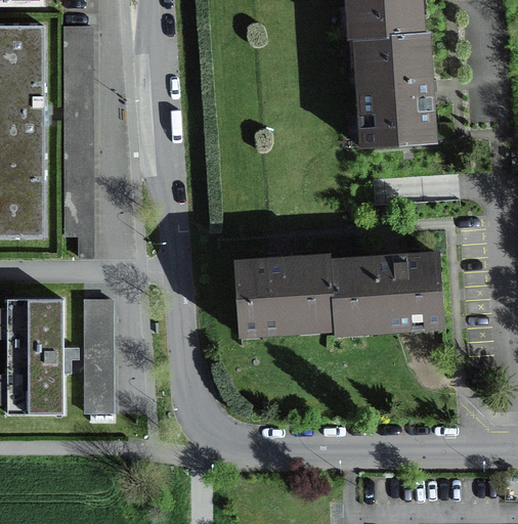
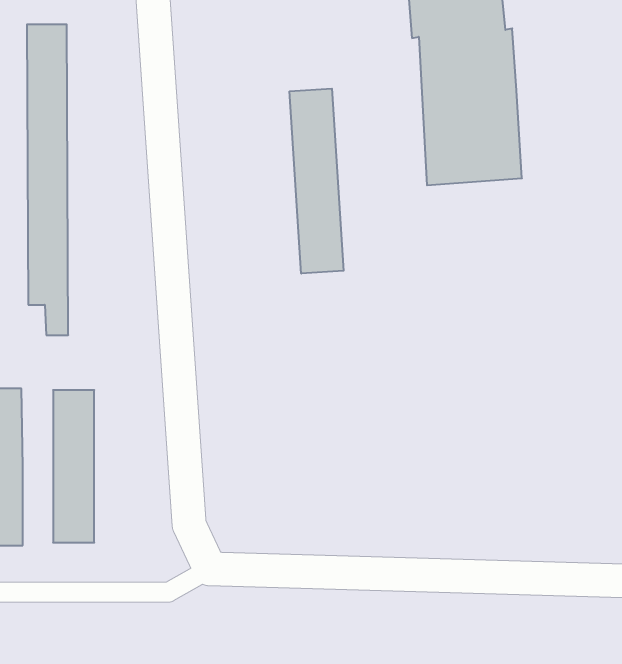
building: none -> [290,89,344,274]
building: [234,254,443,332] -> none

